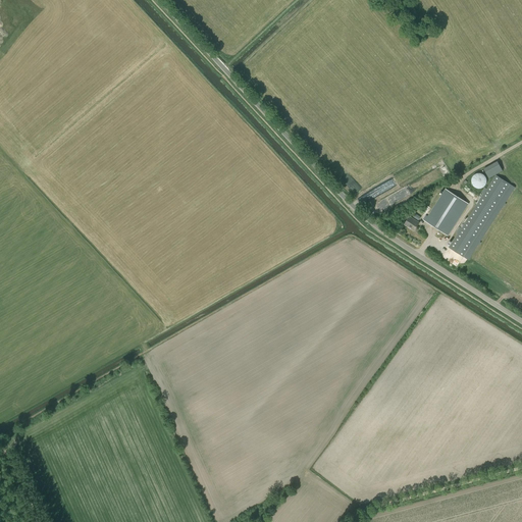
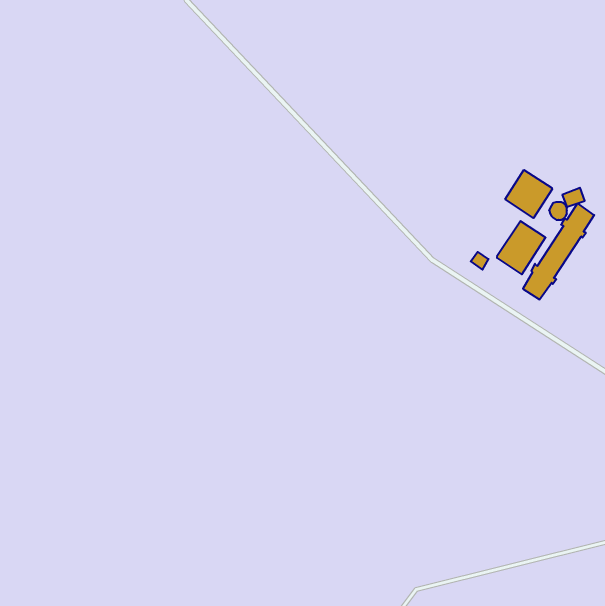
building: none -> [505,170,552,218]

